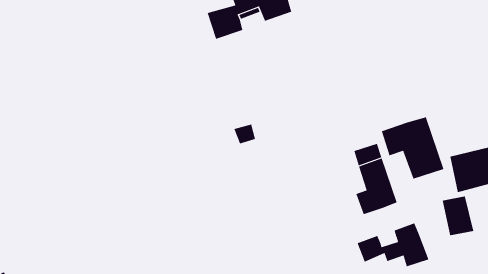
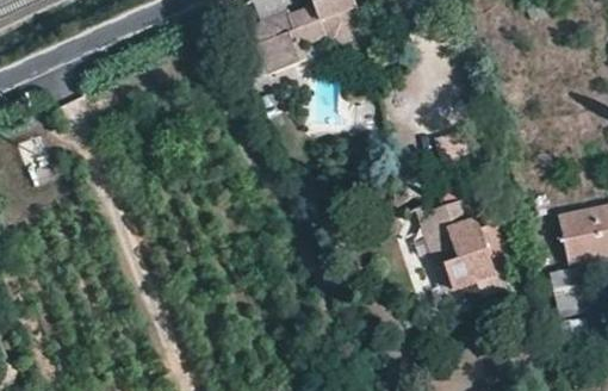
building: [381,116,444,179] -> none
building: [357,223,429,267] -> none

